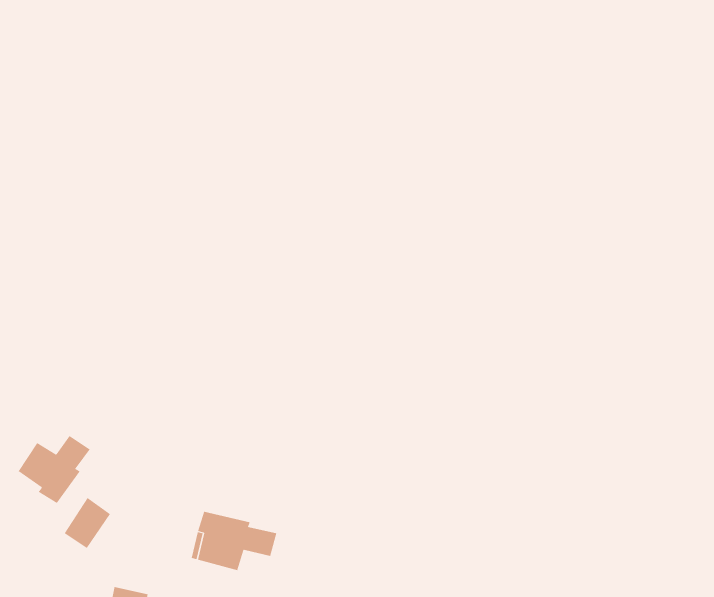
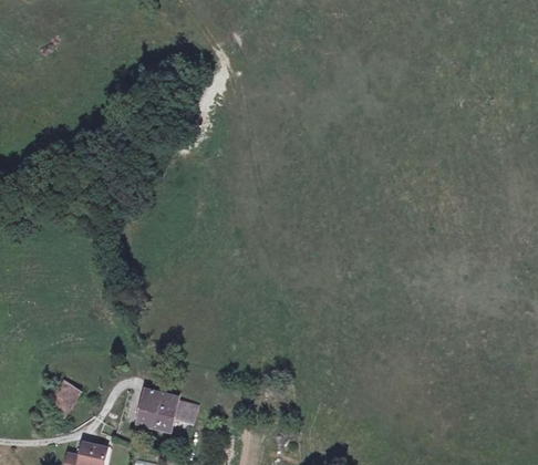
building: [18,435,90,504] -> none

